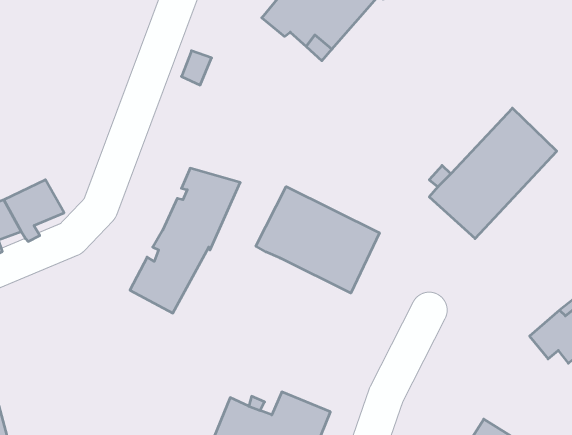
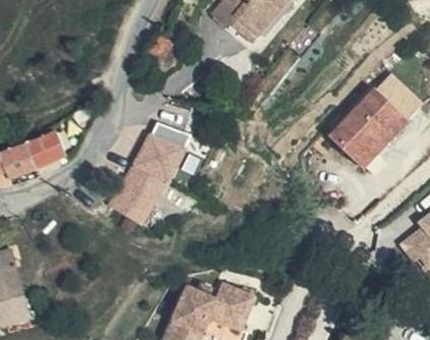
building: [256,187,379,293] -> none

